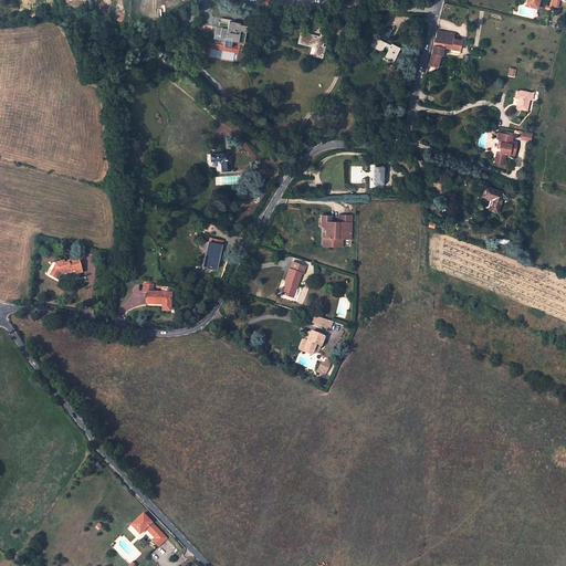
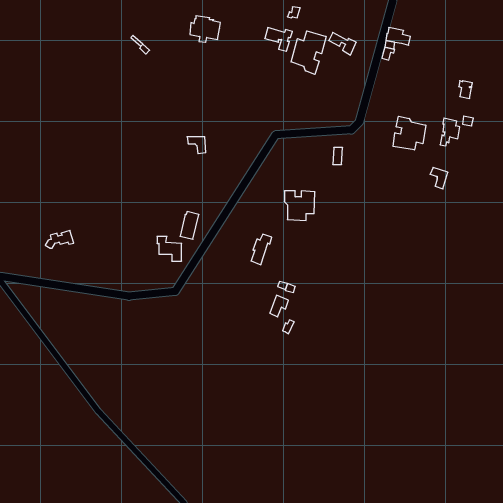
building: none -> [291,31,326,74]
building: none -> [393,116,426,150]
building: [143,284,170,312] -> [157,236,182,261]
building: [129,513,166,546] -> none

